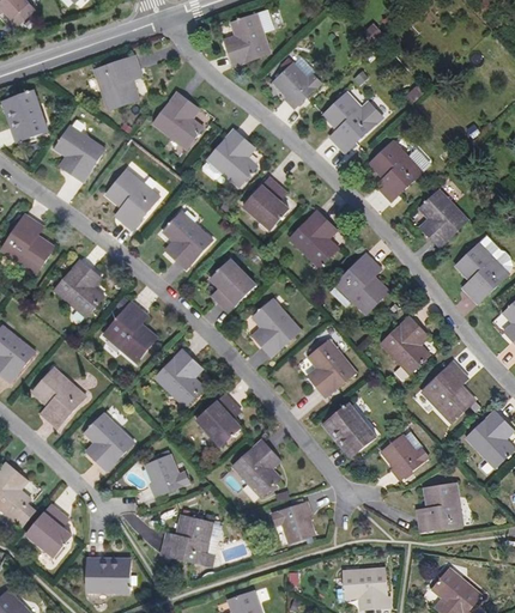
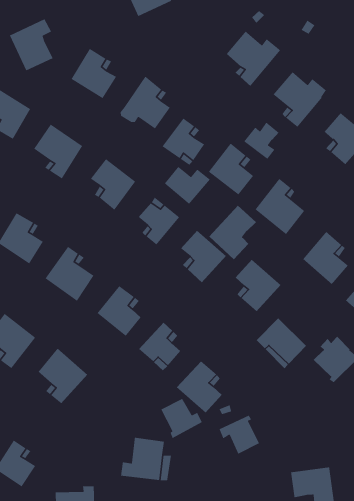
building: [273,62,321,108] -> none
building: none -> [243,122,279,160]
building: none -> [164,166,211,205]
building: none -> [209,205,257,260]
building: [145,453,189,496] -> [160,398,203,439]

